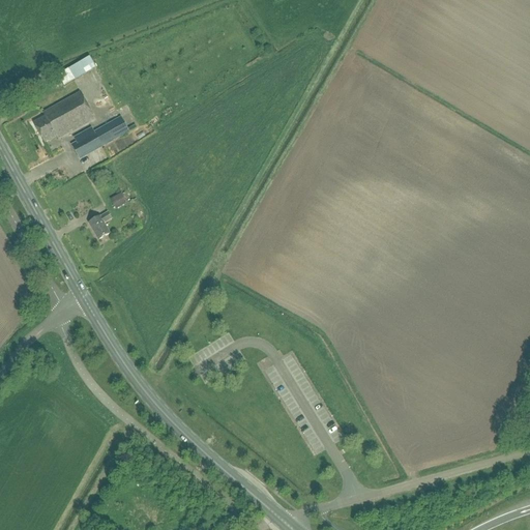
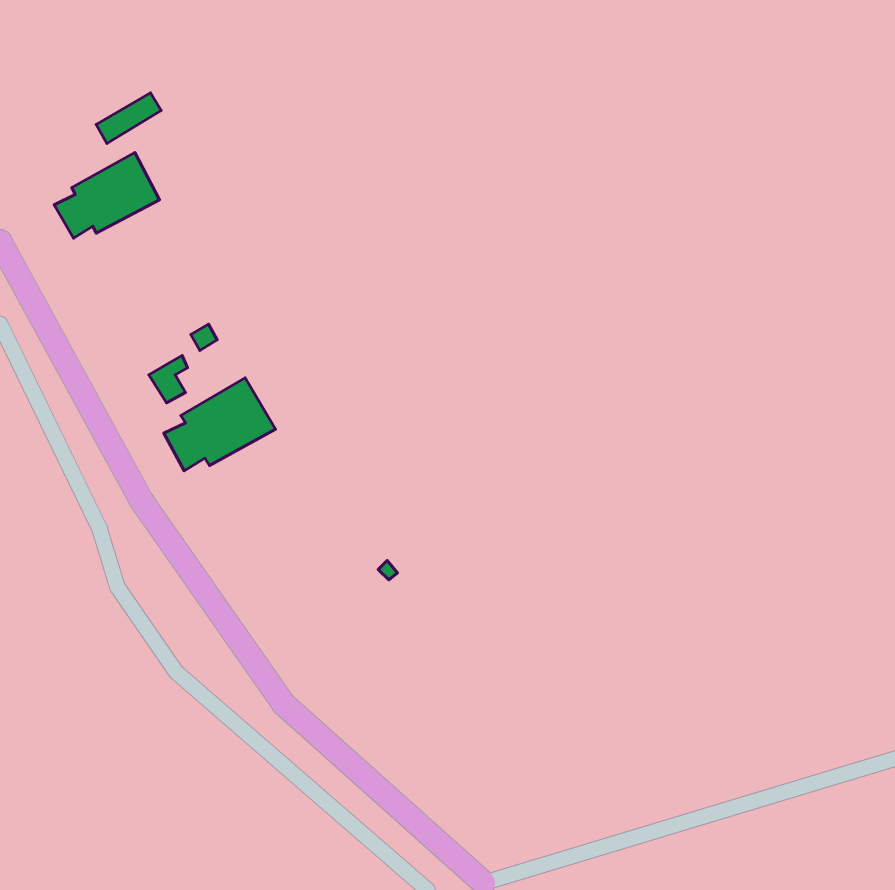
building: [71,115,129,155] -> none
building: none -> [164,378,275,471]

